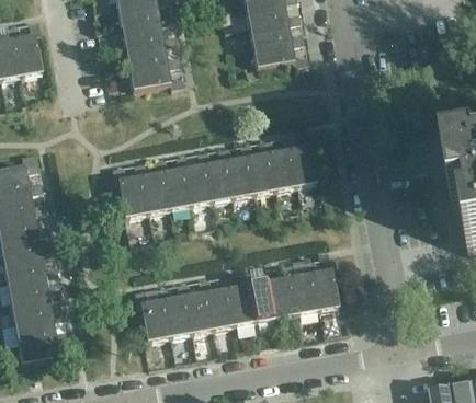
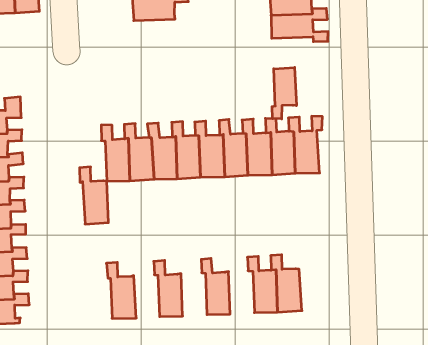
building: [128,54,183,89] -> none
building: none -> [272,67,296,119]
building: [304,254,338,309] -> none
building: [240,268,274,321] -> none
building: [197,276,231,329] -> none
building: [156,284,189,336] -> [80,167,108,224]

